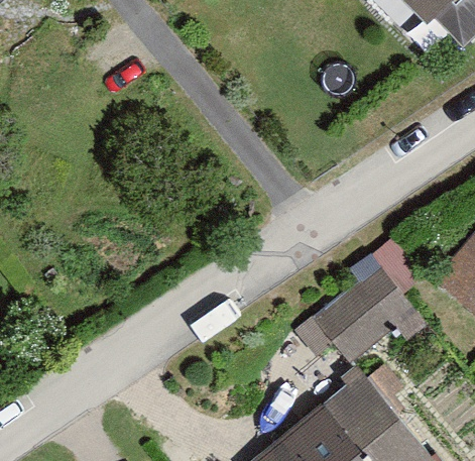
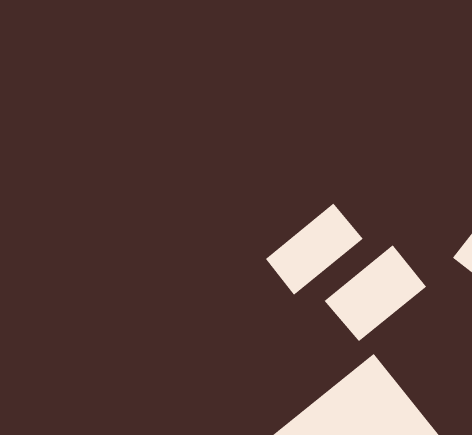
building: none -> [265,202,364,296]

